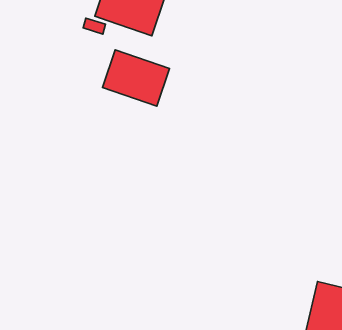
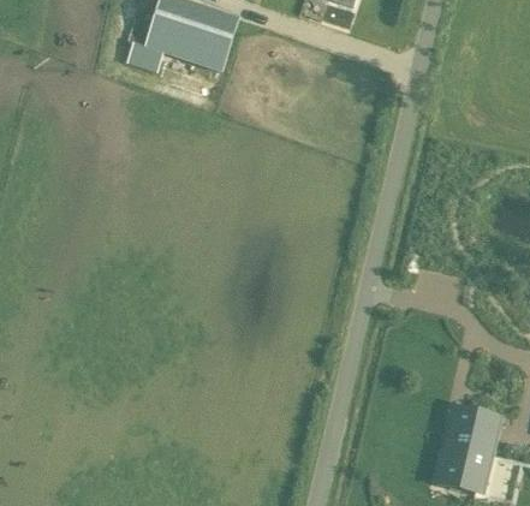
building: [102,50,169,106] -> none

